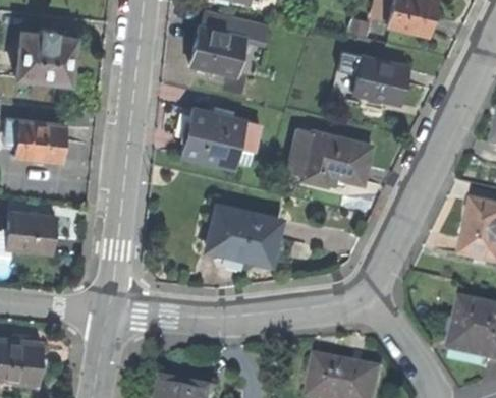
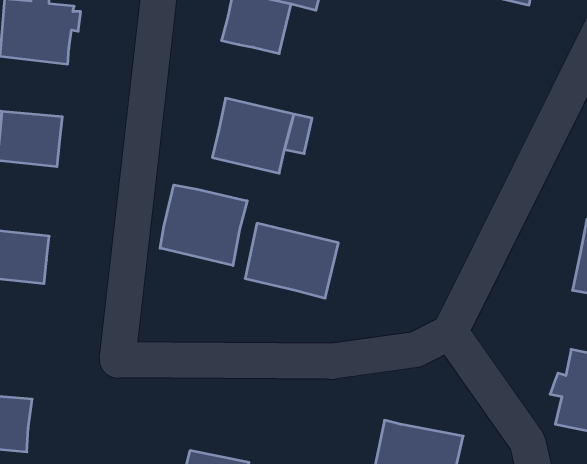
building: [352,58,406,106] -> none
building: [287,132,370,188] -> none
building: none -> [160,185,247,266]

